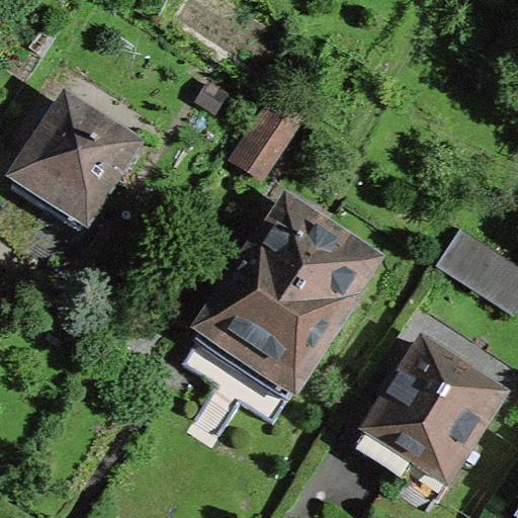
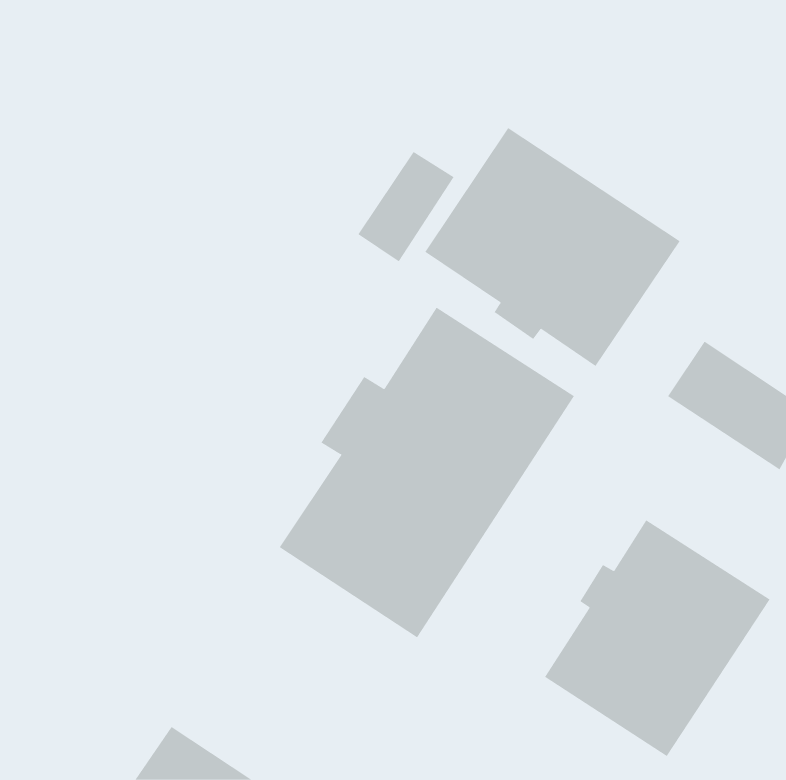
building: none -> [425,127,681,367]
building: [14,99,138,212] -> none

